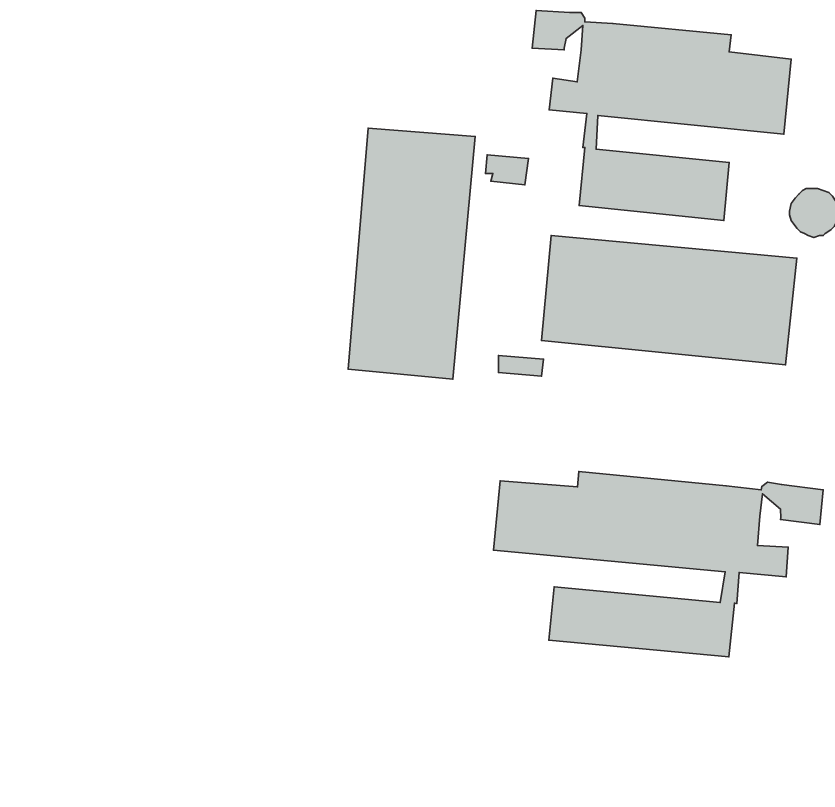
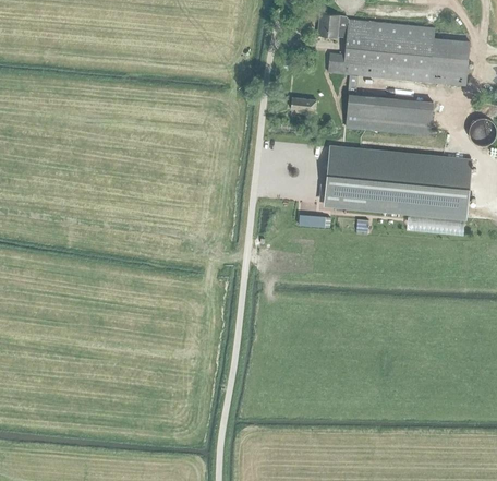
building: [348,128,475,379] -> none
building: [493,471,823,657] -> none

